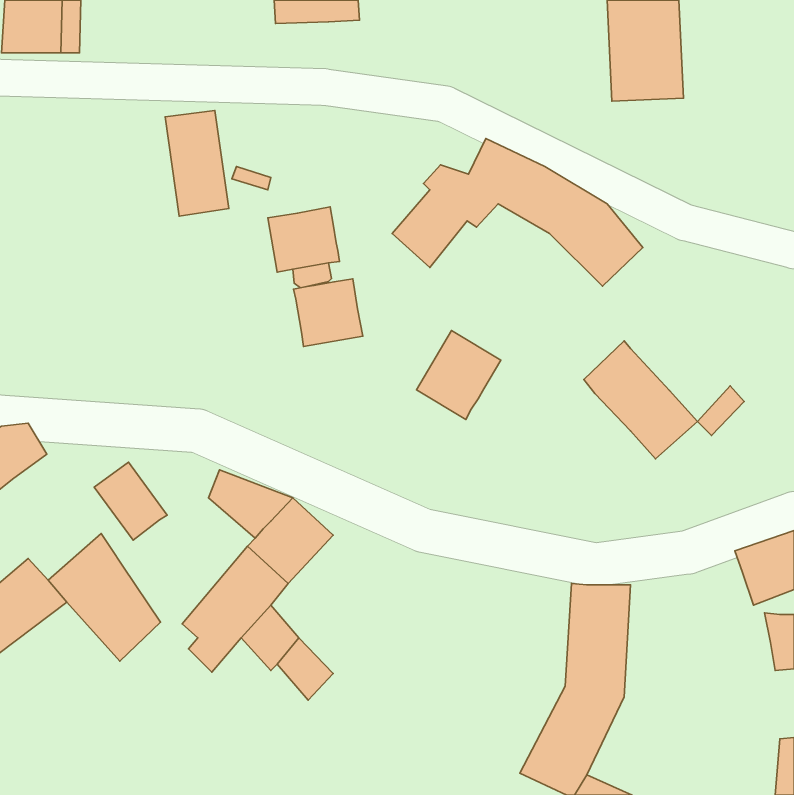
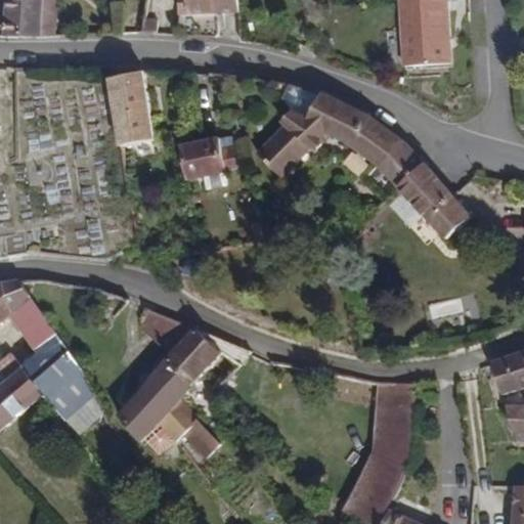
building: [294,279,363,347] -> none
building: [417,331,501,419] -> none
building: [584,341,697,459] -> [396,163,471,241]
building: [94,462,167,540] -> [8,299,56,350]

